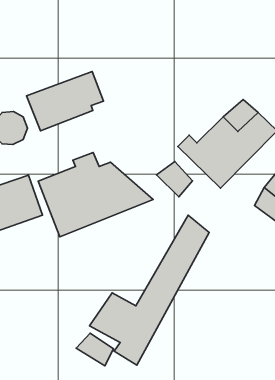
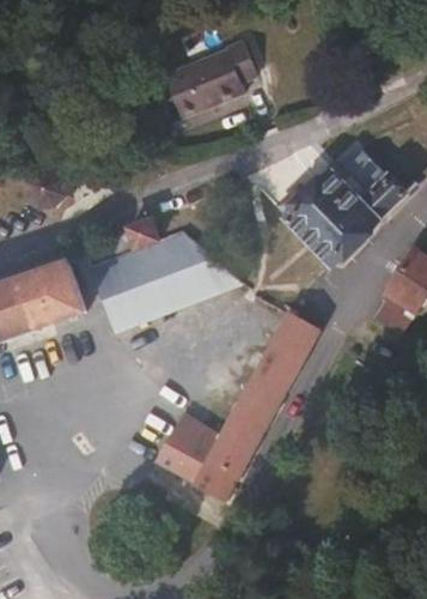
building: [27,71,103,131] -> [154,40,260,121]
building: [156,161,193,197] -> none
building: [76,333,114,366] -> none

